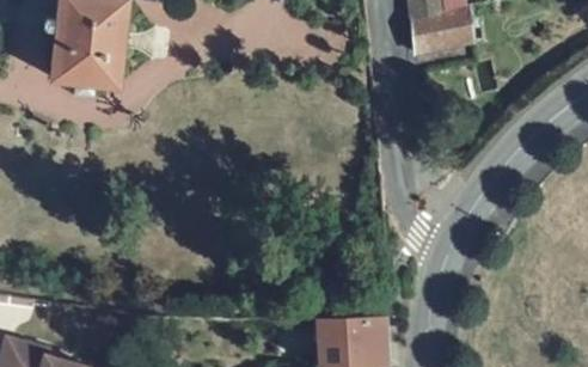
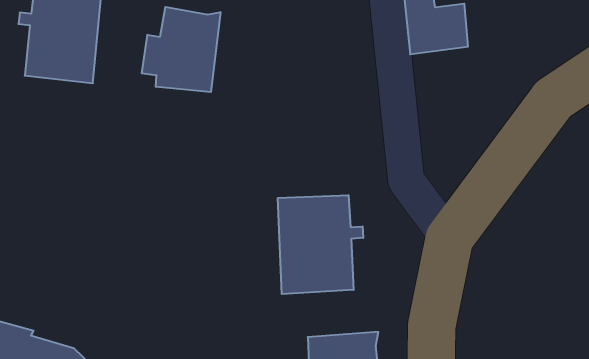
building: none -> [142,7,220,92]
building: none -> [278,195,363,294]

